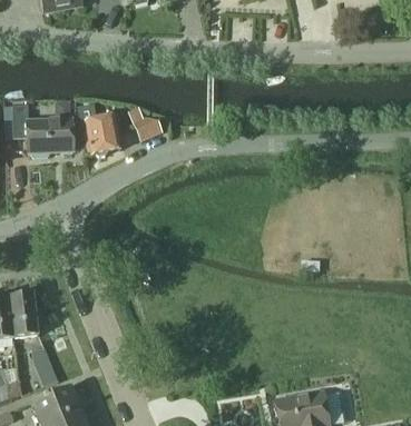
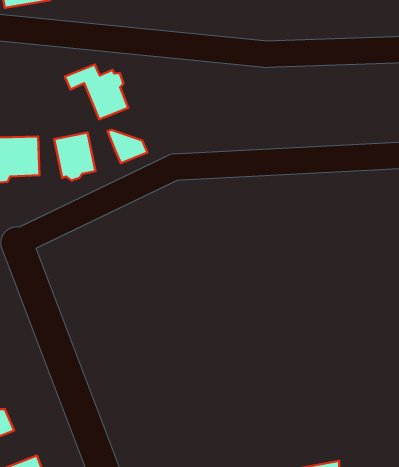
building: none -> [65,65,128,120]

